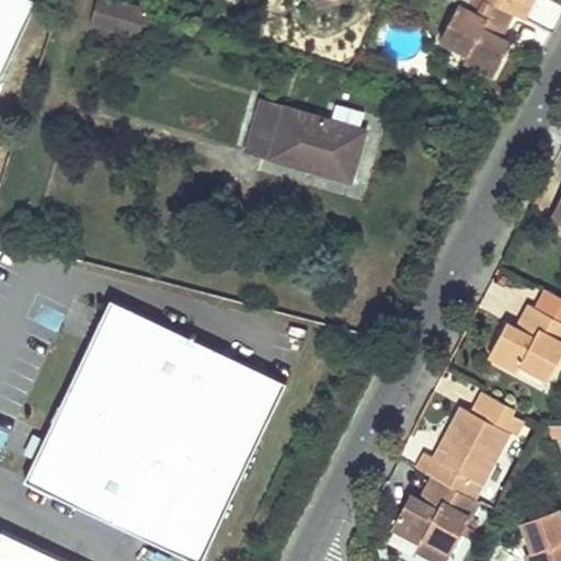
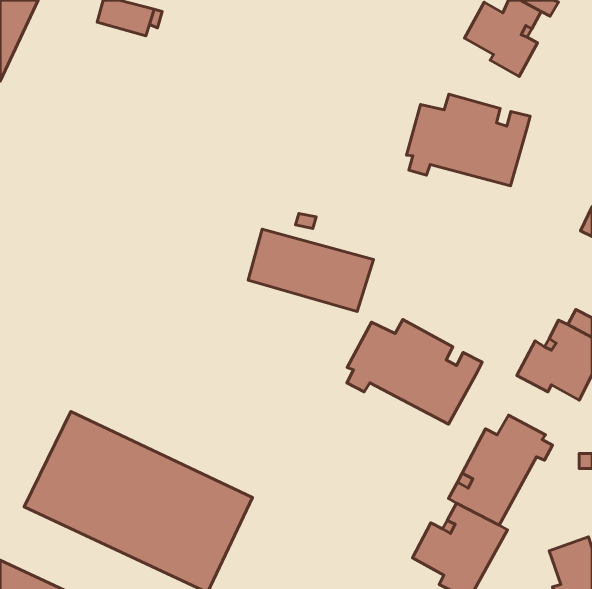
building: none -> [407,94,530,186]
building: [248,104,366,182] -> [248,229,373,312]
building: [67,301,282,473] -> none
building: none -> [347,320,482,424]

